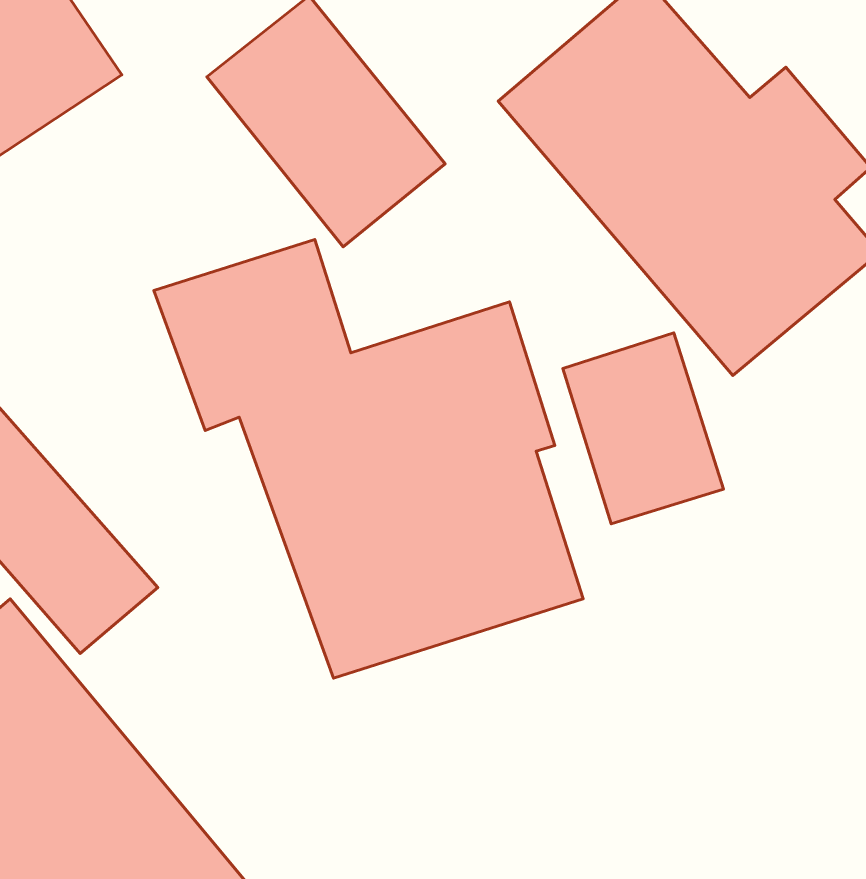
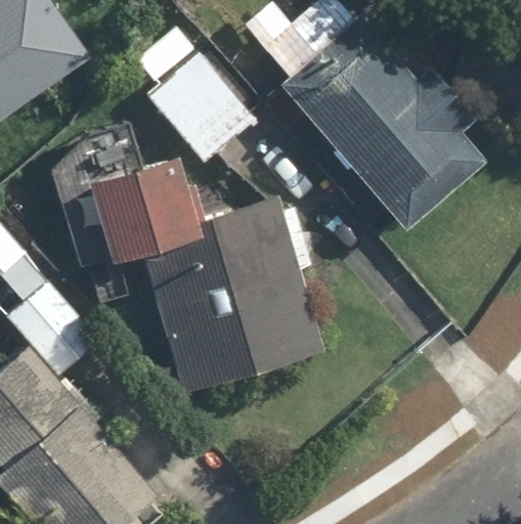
building: [563,333,724,524] -> none

